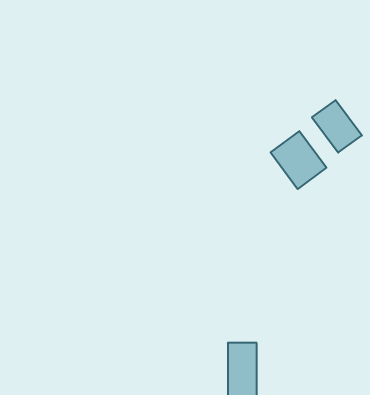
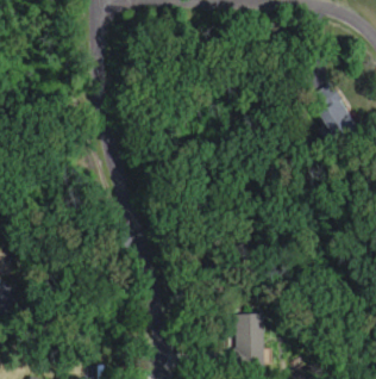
building: [271,131,326,189] -> none

